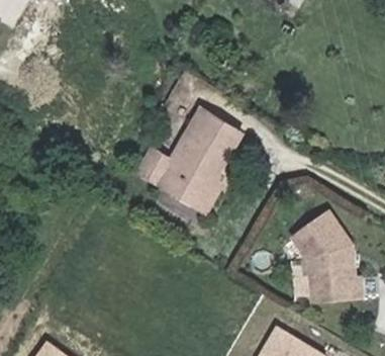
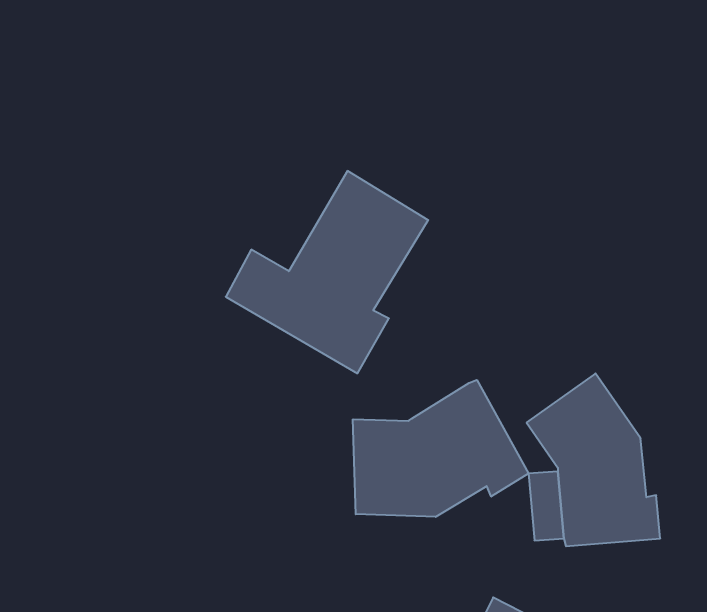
building: none -> [353,380,529,517]

